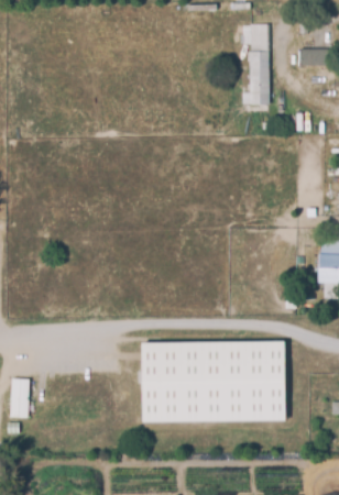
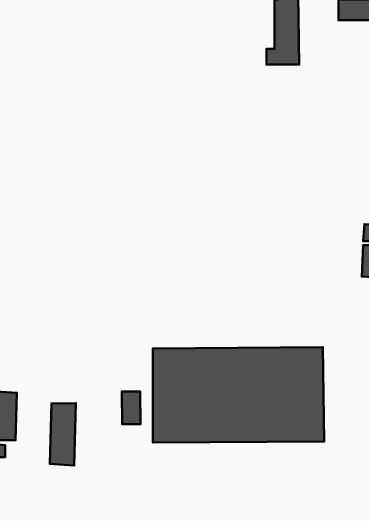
building: none -> [122,391,141,424]
building: none -> [50,403,76,465]

